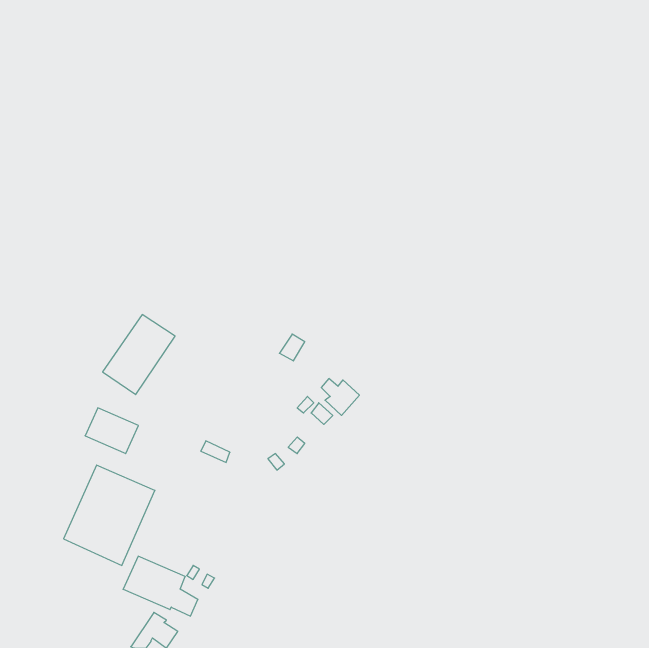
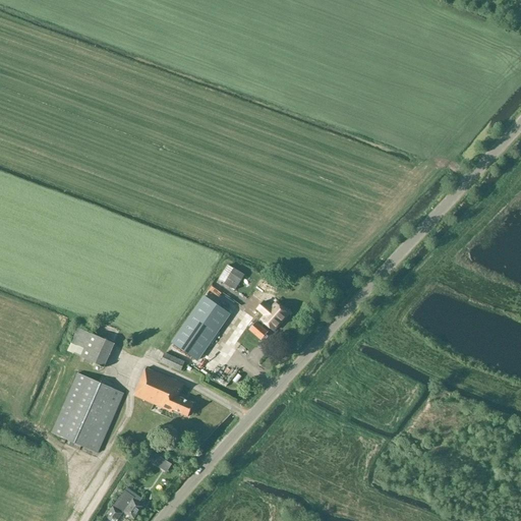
building: [103,315,175,395] -> [172,295,230,359]
building: [123,556,198,616] -> [133,368,193,416]

